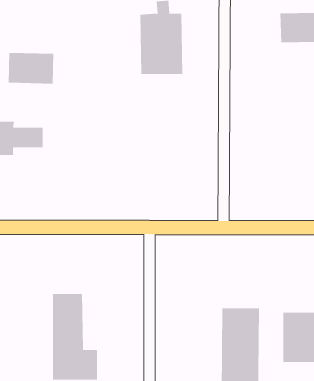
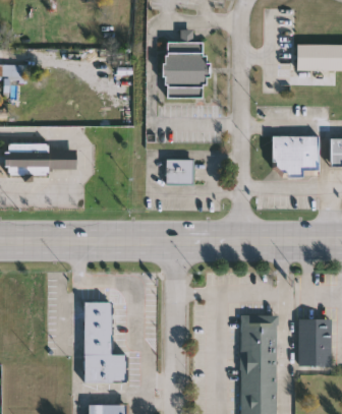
building: [8,52,54,84] -> none
building: none -> [271,135,318,174]
building: none -> [167,160,192,183]

